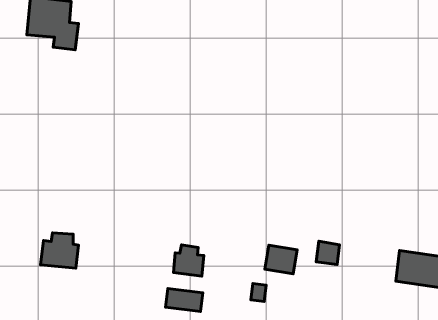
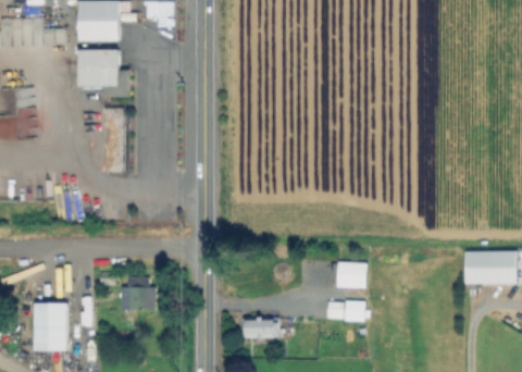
building: [316,241,340,264] -> [346,301,366,322]
building: [173,245,204,276] -> none

